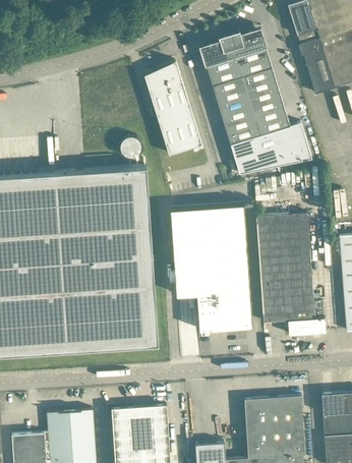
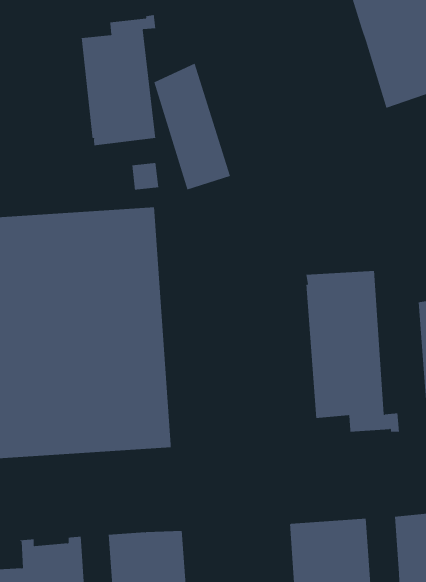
building: none -> [81,14,156,146]
building: [201,31,311,174] -> none
building: [170,205,252,331] -> none

